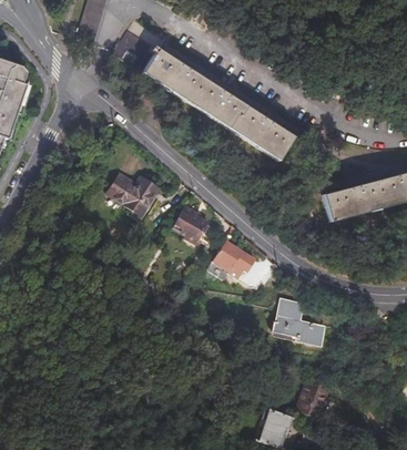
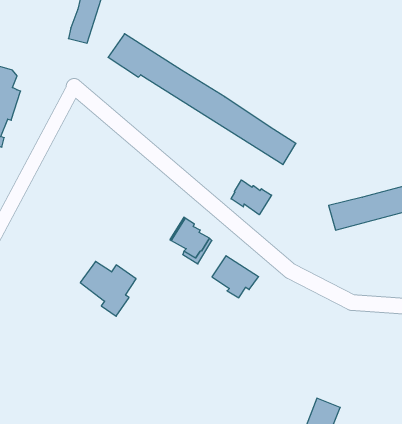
building: none -> [231,180,272,215]
building: [105,174,159,226] -> [80,261,136,316]
building: [275,296,324,339] -> none

